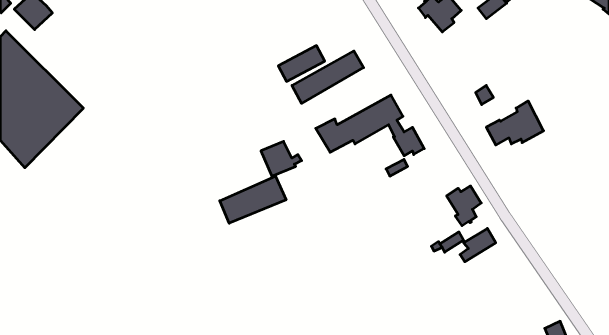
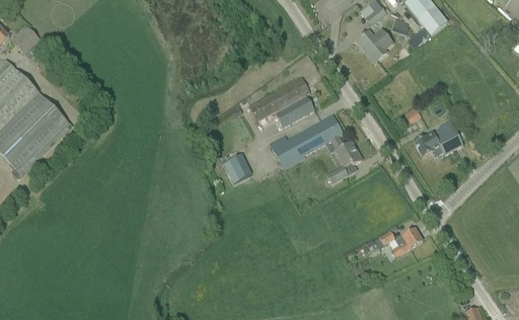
building: [278,46,325,81] -> [275,96,314,127]
building: [220,176,286,223] -> none
building: [447,186,481,226] -> none

